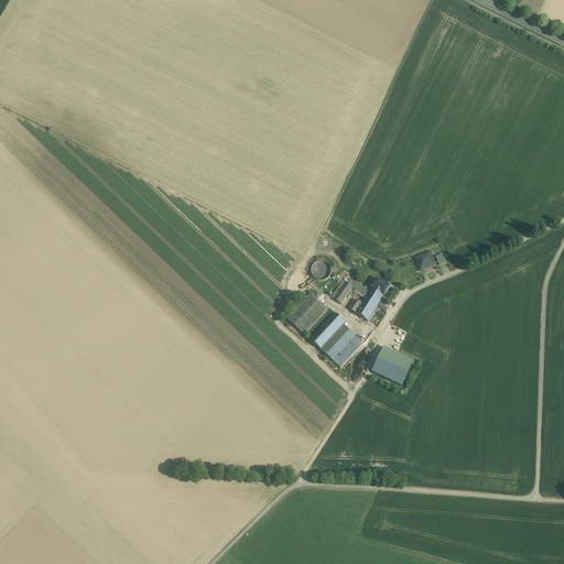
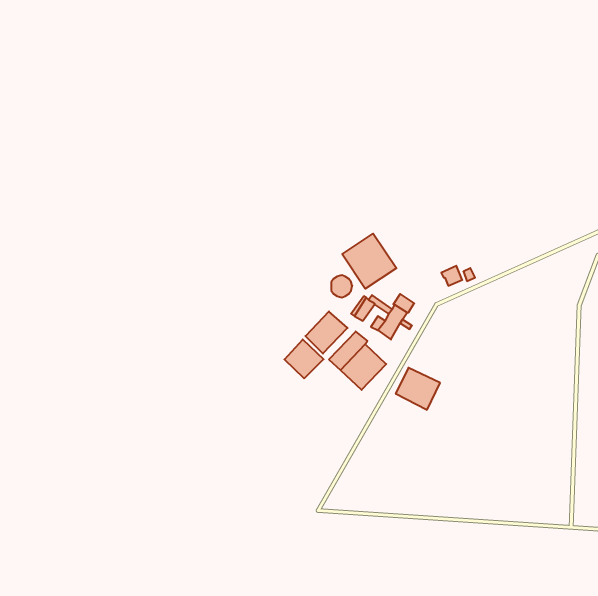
building: none -> [342,234,396,289]
building: none -> [284,339,324,378]

